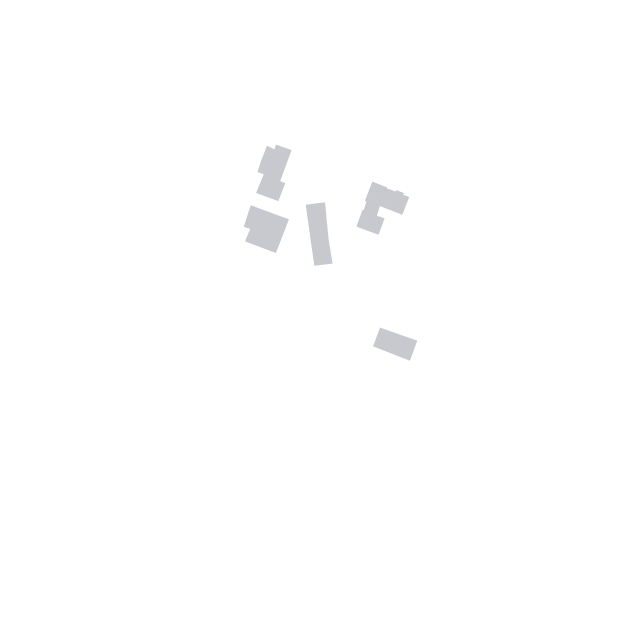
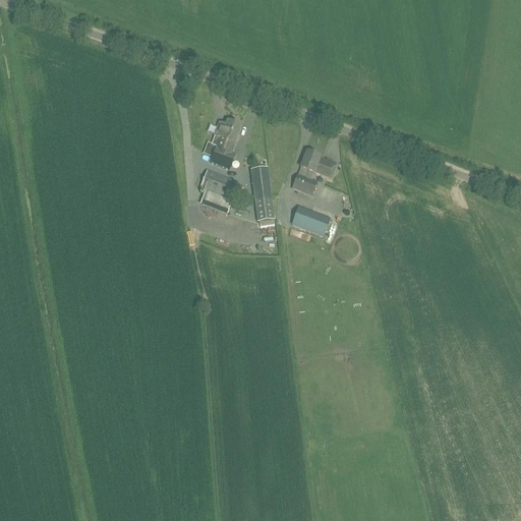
building: [372,327,418,361] -> [291,206,329,234]

